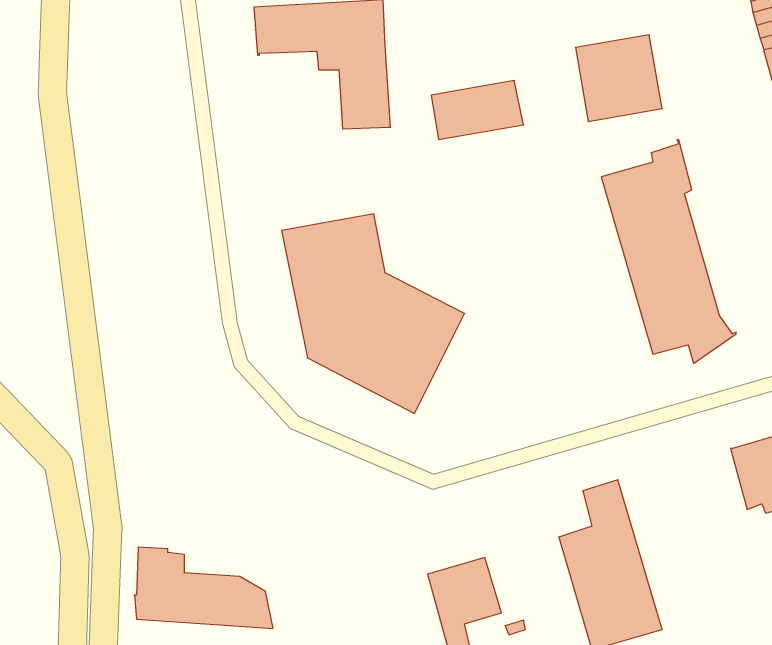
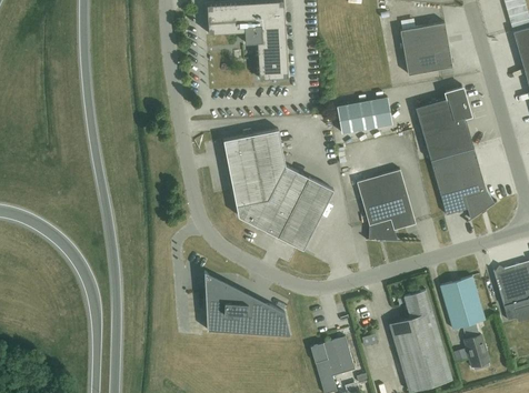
building: [431,80,524,140] -> [338,98,393,133]
building: none -> [357,170,416,241]
building: none -> [440,276,489,367]
building: [134,547,273,628] -> [207,286,290,335]

